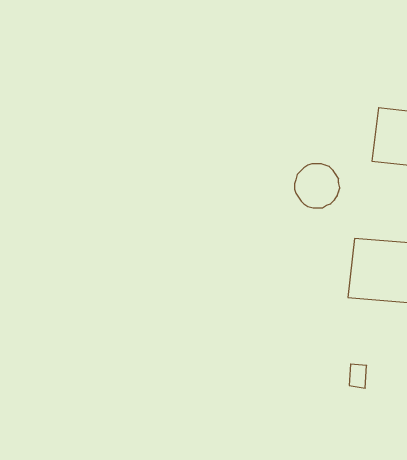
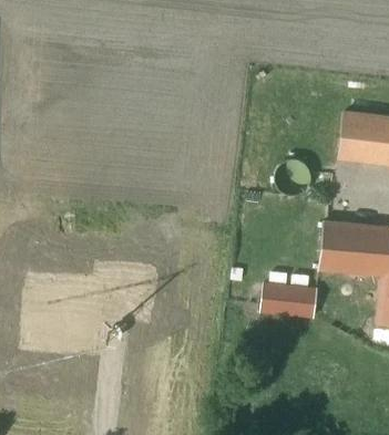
building: none -> [262,284,317,317]

